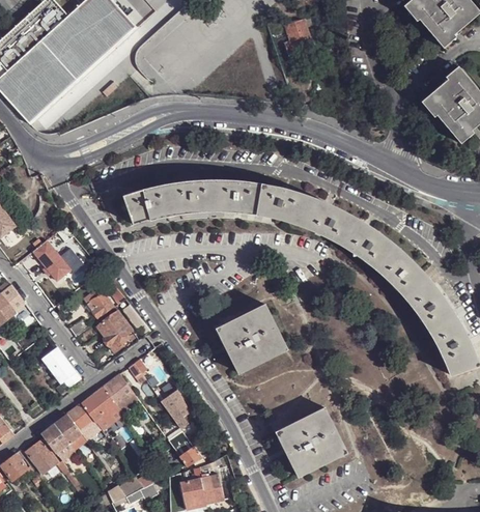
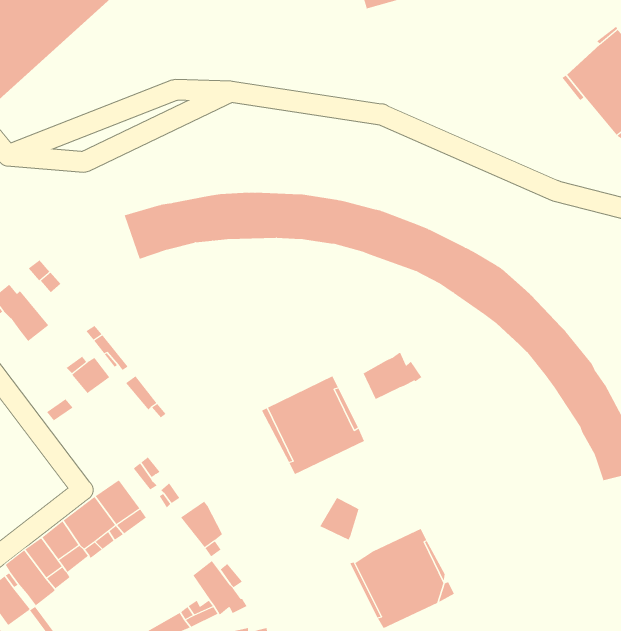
building: none -> [363,352,422,400]
building: [97,310,131,351] -> none
building: [43,347,80,387] -> none
building: none -> [319,497,359,541]

